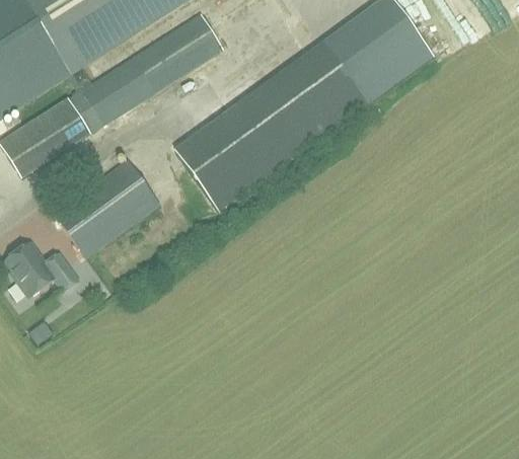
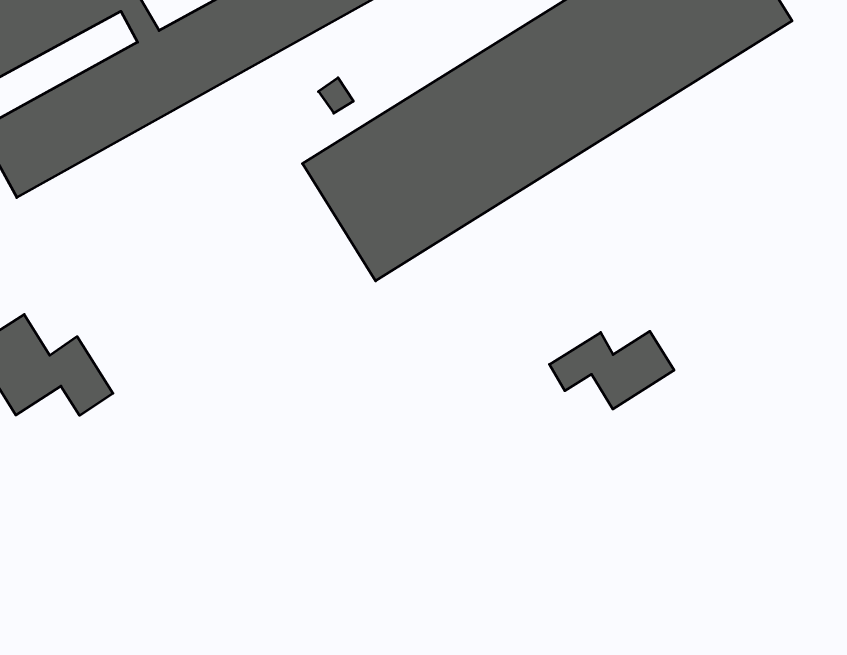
building: [54,158,159,254] -> none
building: none -> [549,331,674,409]

